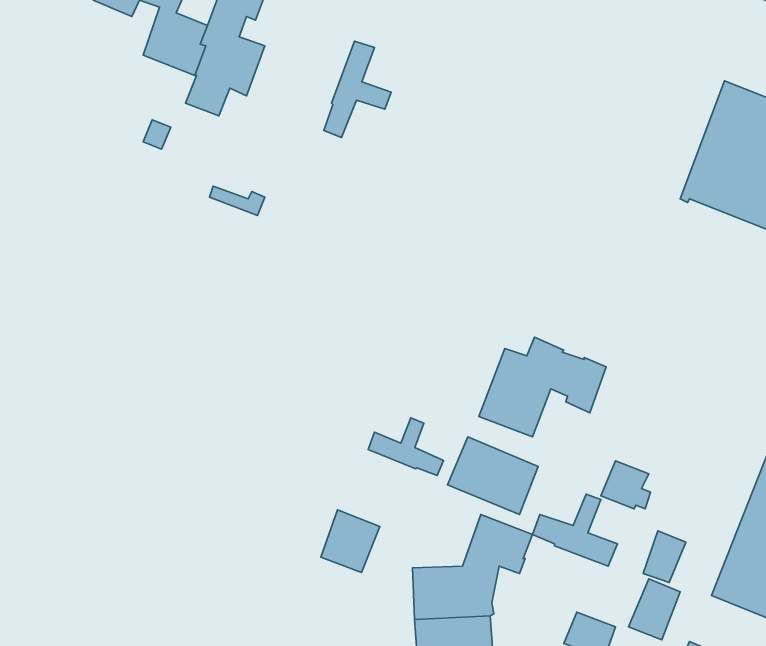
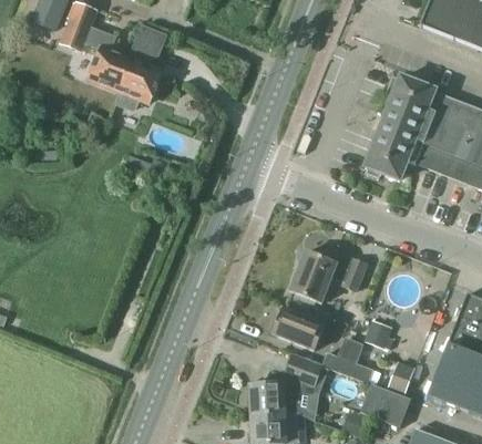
building: [324,41,391,138] -> none
building: none -> [367,75,438,178]
building: [368,418,444,476] -> none
building: [321,510,380,572] -> none
building: none -> [360,382,392,419]

